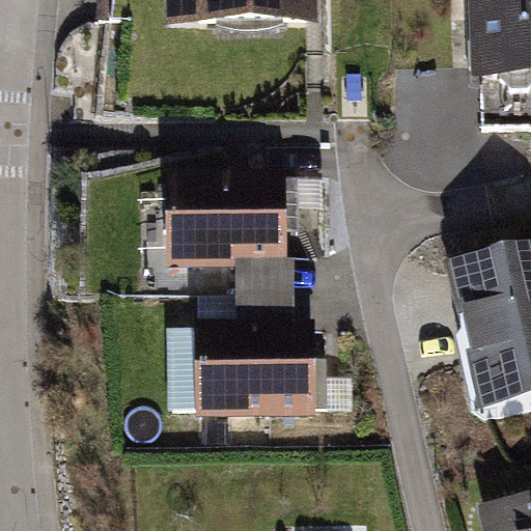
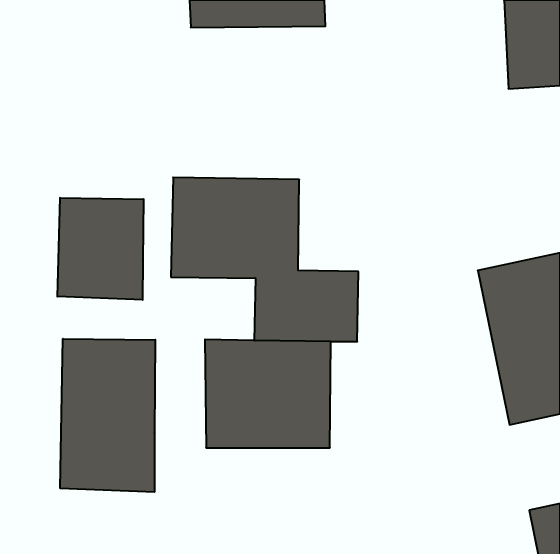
building: none -> [57,198,144,300]
building: none -> [60,339,155,492]

